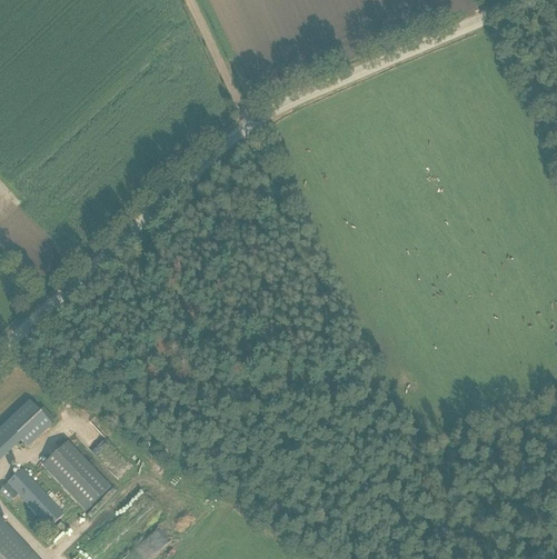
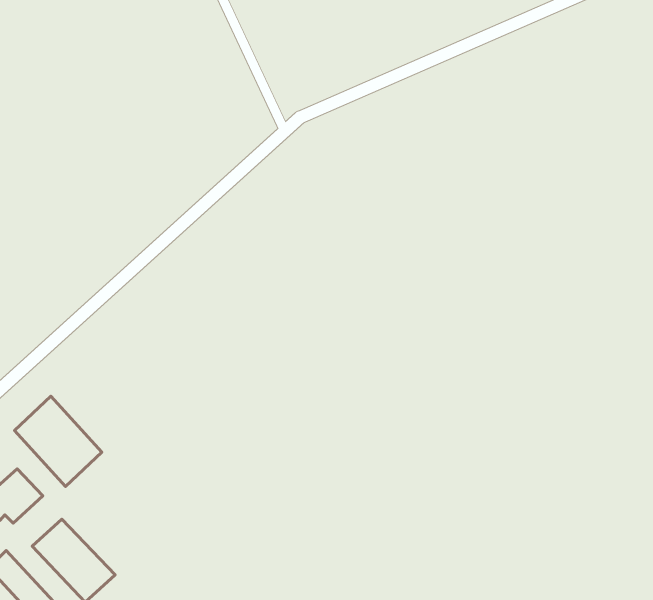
building: none -> [14,396,102,487]

